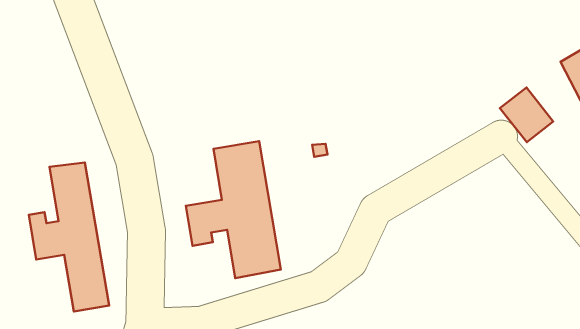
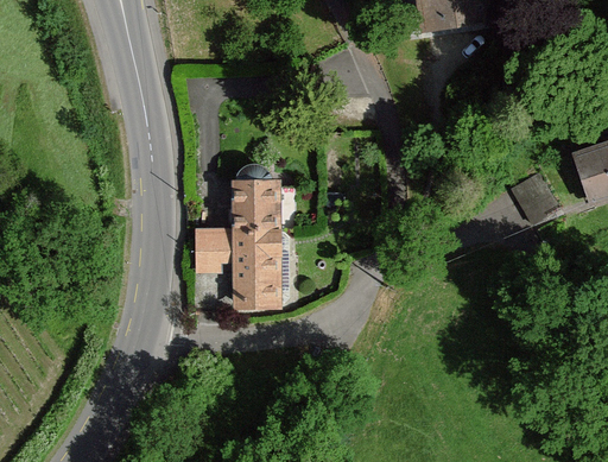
building: [29,162,109,312] -> none

